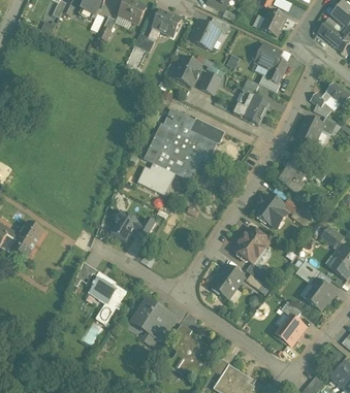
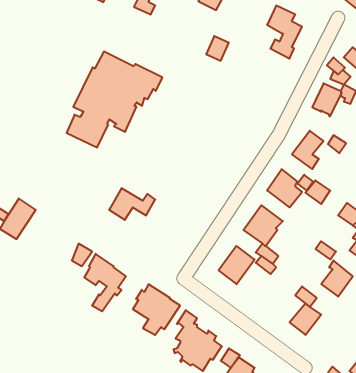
building: [173,57,200,85] -> none
building: [241,94,268,123] -> none
building: [136,107,224,195] -> [67,52,162,148]

